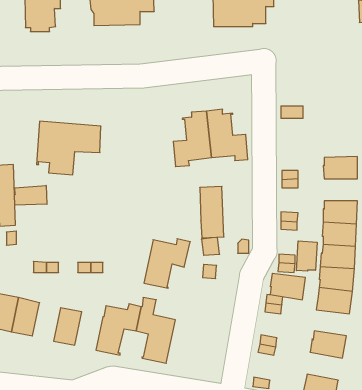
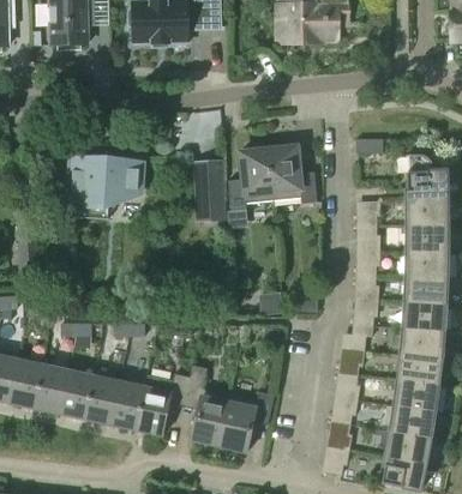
building: none -> [407,153,448,198]
building: none -> [408,223,448,249]
building: [14,185,47,205] -> none
building: [200,186,224,238] -> [196,159,224,221]
building: [144,239,190,288] -> [220,390,275,448]
building: [296,241,317,271] -> none
building: [270,273,305,300] -> [396,379,438,410]
building: none -> [60,370,94,416]
building: none -> [110,381,144,427]
building: none -> [388,429,430,463]

